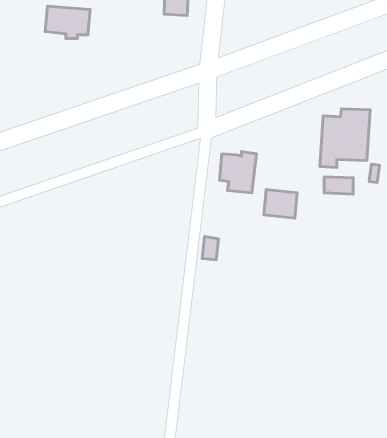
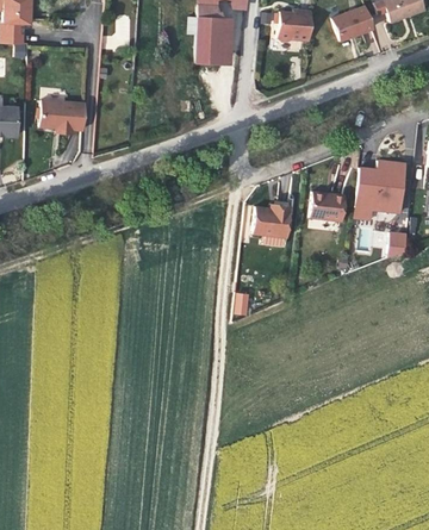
building: [45,6,90,38] -> [39,100,86,133]
building: [264,189,297,218] -> [310,192,344,222]

